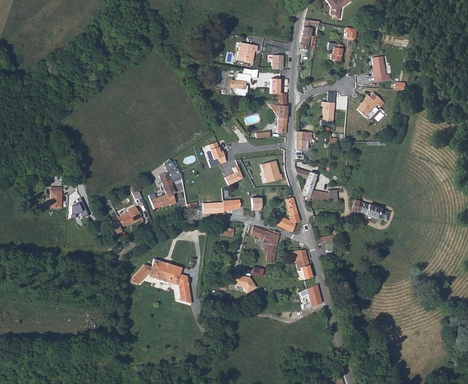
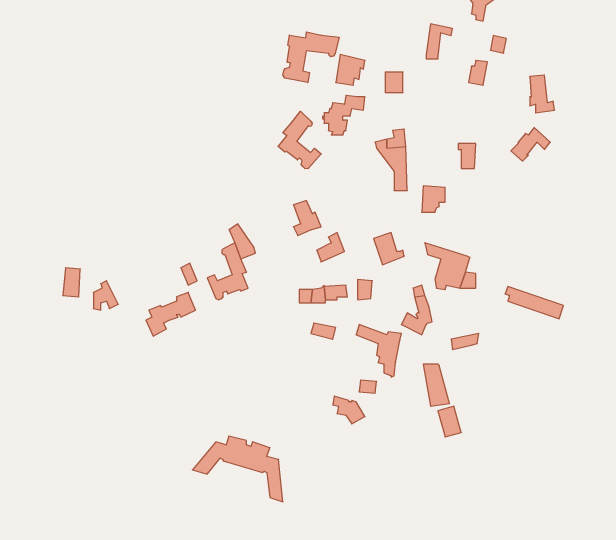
building: none -> [283,32,339,83]
building: none -> [278,111,321,169]
building: [130,258,192,303] -> [192,436,283,502]

